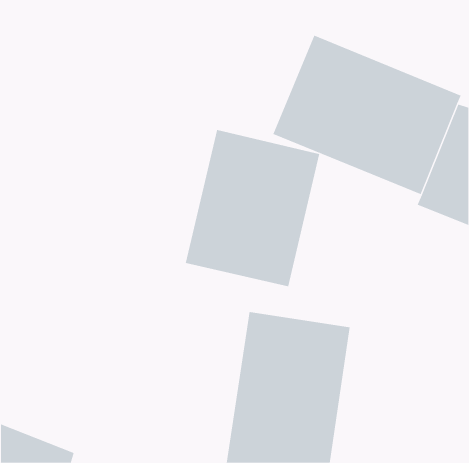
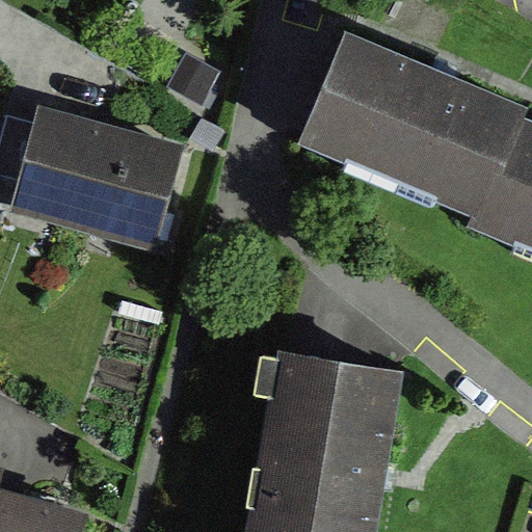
building: none -> [11,111,186,243]
building: [185,129,320,287] -> none

